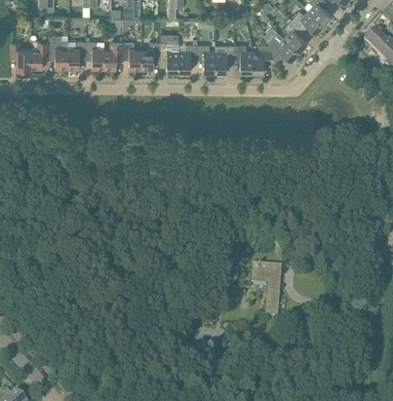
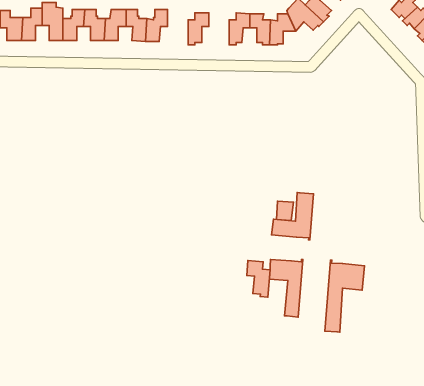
building: [161,38,180,70] -> none
building: [198,41,217,70] -> none
building: none -> [272,193,314,240]
building: none -> [325,260,365,332]
building: none -> [247,261,270,297]

